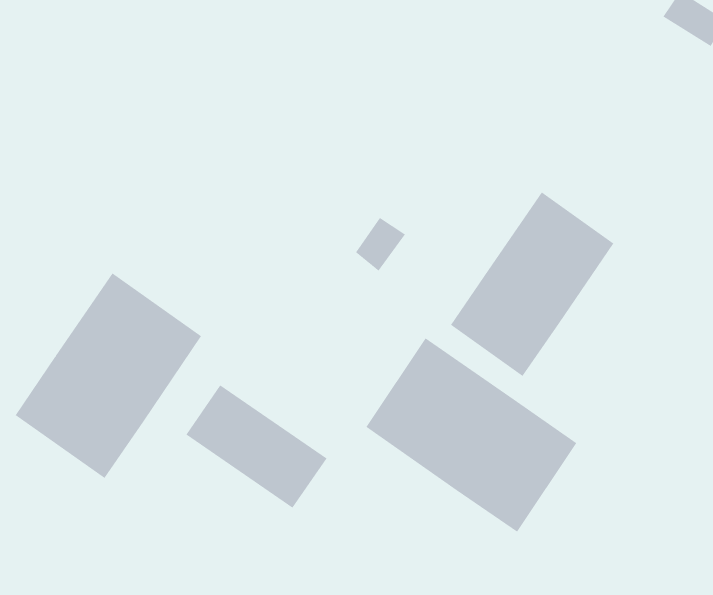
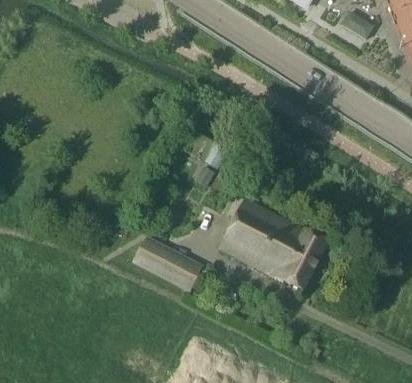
building: [450,191,614,377] -> none
building: [15,273,202,479] -> none

